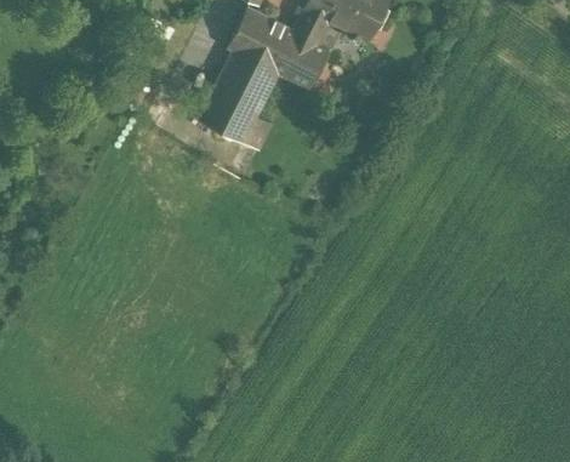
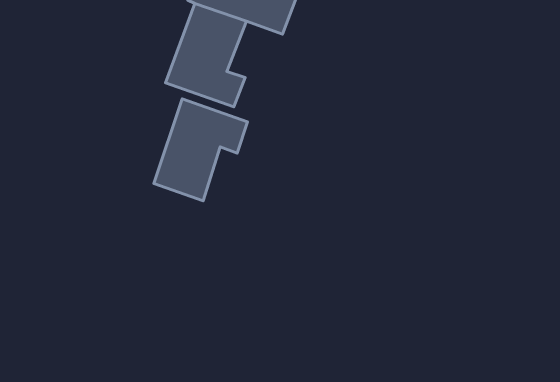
building: none -> [154,99,247,201]

